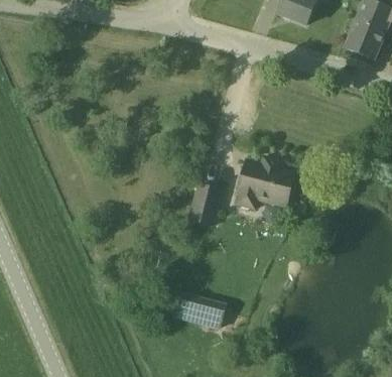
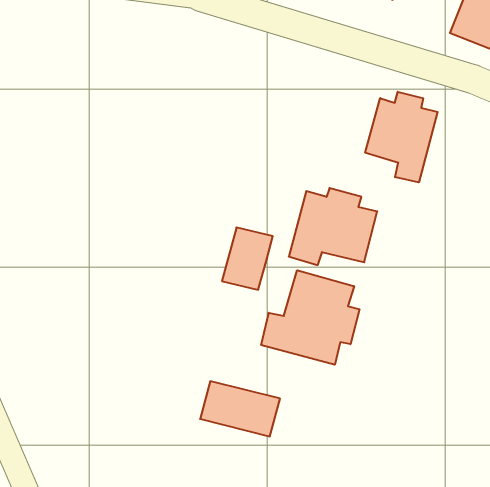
building: none -> [365,92,438,182]
building: none -> [261,270,360,365]

